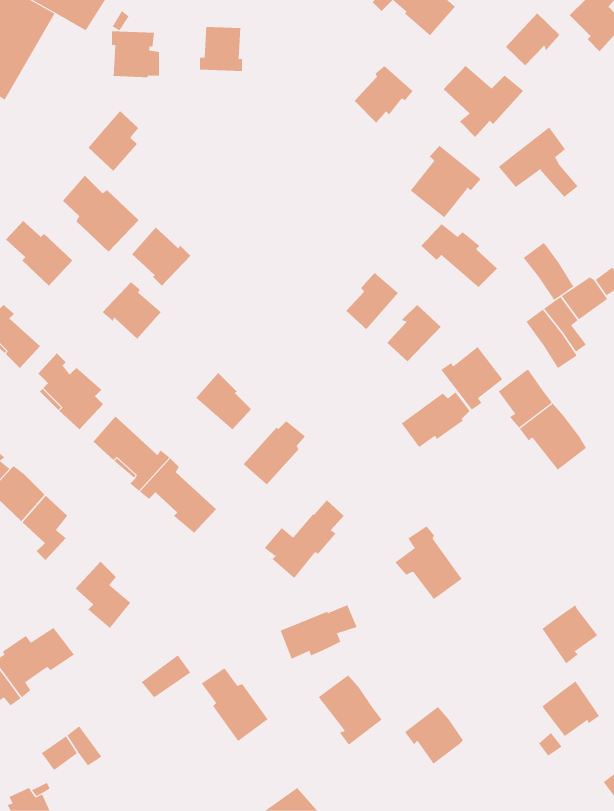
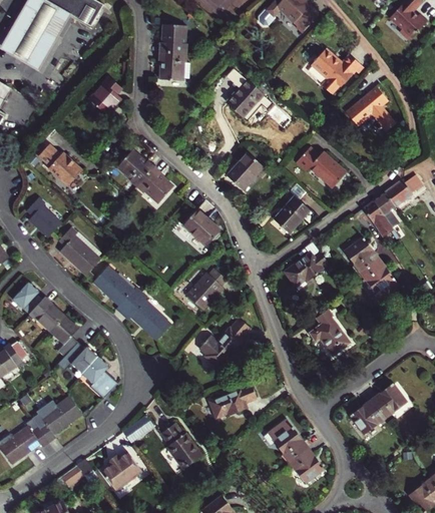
building: [505,13,560,66] -> none
building: [111,31,160,78] -> [159,51,189,80]
building: [354,65,413,124] -> [227,79,264,115]
building: [410,145,481,218] -> none
building: [62,175,140,252] -> none
building: [523,242,574,301] -> none
building: [346,272,399,330] -> [229,152,262,188]
building: [102,281,161,339] -> [136,166,173,202]
building: [440,346,503,411] -> none
building: [195,372,252,430] -> [182,208,218,244]
building: [395,525,462,600] -> [309,309,351,355]
building: none -> [58,342,98,373]
building: [318,674,383,745] -> [268,418,308,462]
building: [542,680,600,737] -> [351,398,387,433]
building: none -> [101,450,141,489]

